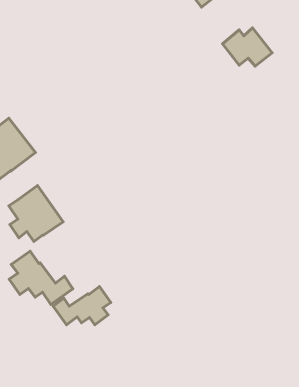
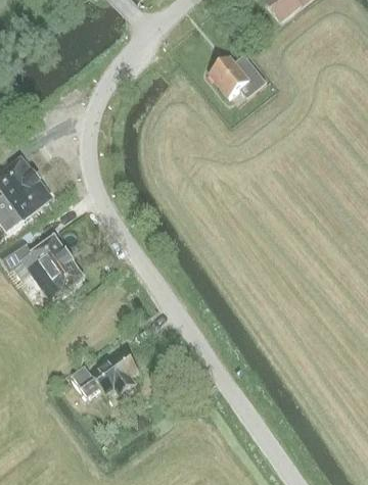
building: [222,28,272,66] -> [209,54,266,98]
building: [9,251,73,305] -> none

